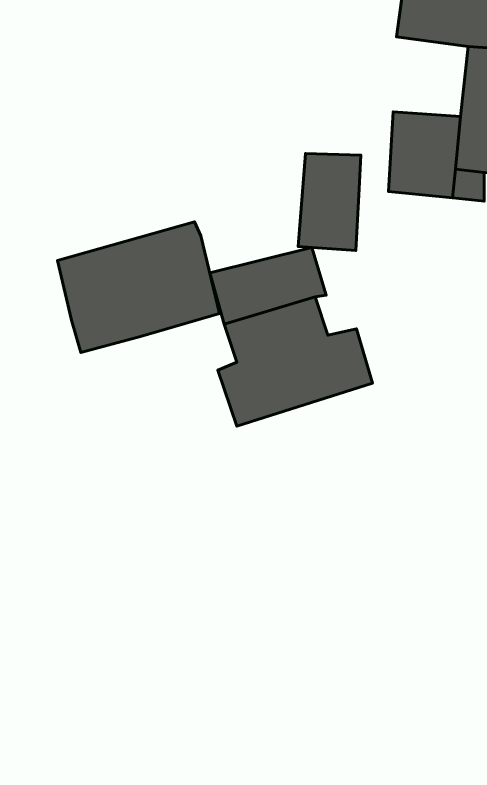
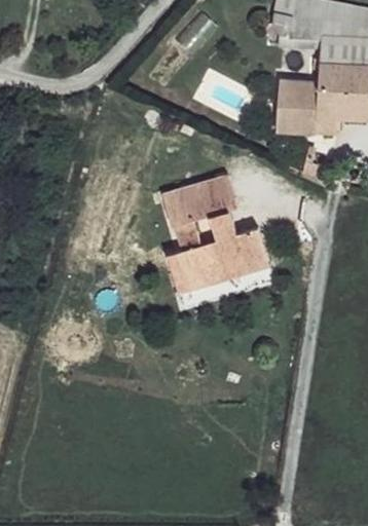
building: [298,153,361,251] -> none
building: [58,222,220,352] -> none

